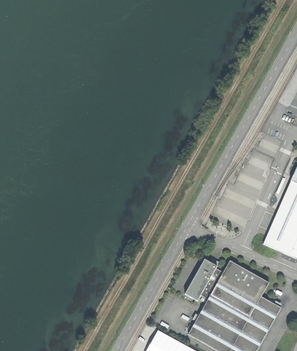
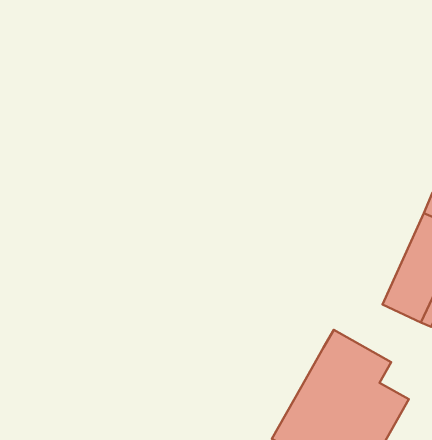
building: [185,258,223,300] -> none

